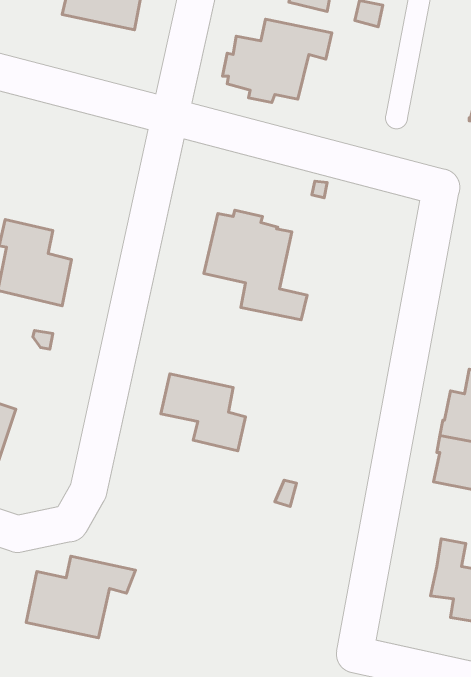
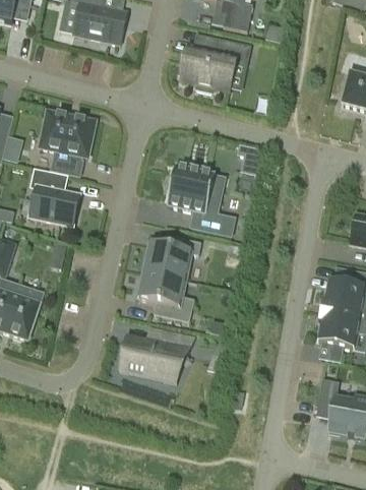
building: none -> [40,111,95,176]
building: none -> [143,237,200,279]
building: [26,556,136,638] -> [122,326,194,380]

